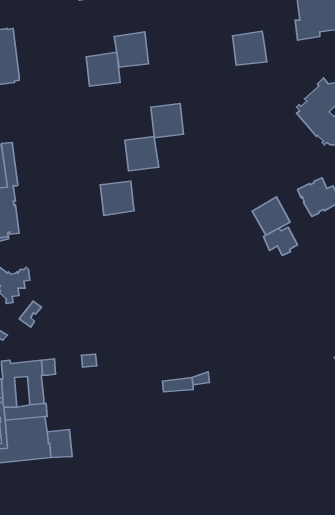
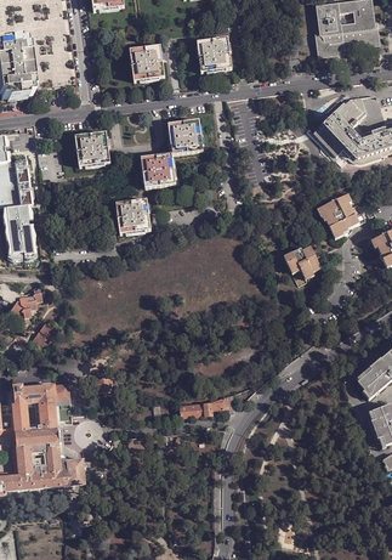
building: [233,31,267,65] -> [198,38,233,73]
building: [86,52,120,86] -> [75,131,110,166]
building: [252,197,290,235] -> none

